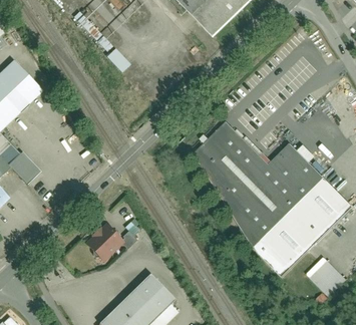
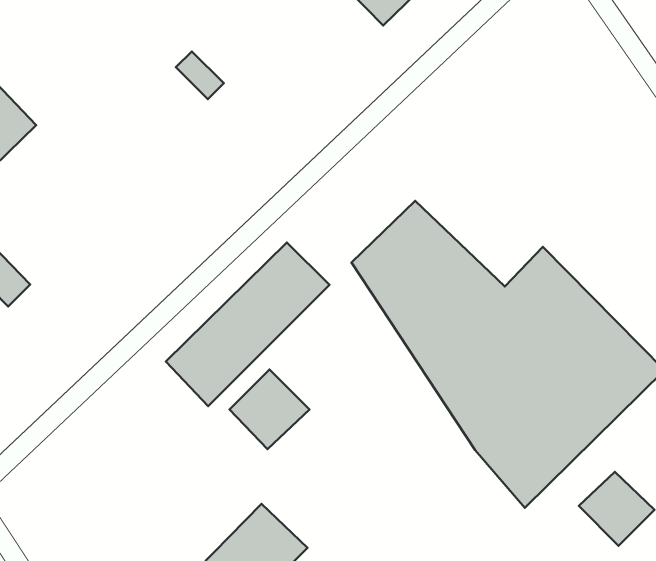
building: none -> [166,242,329,406]
building: [82,219,122,259] -> [230,370,309,449]

